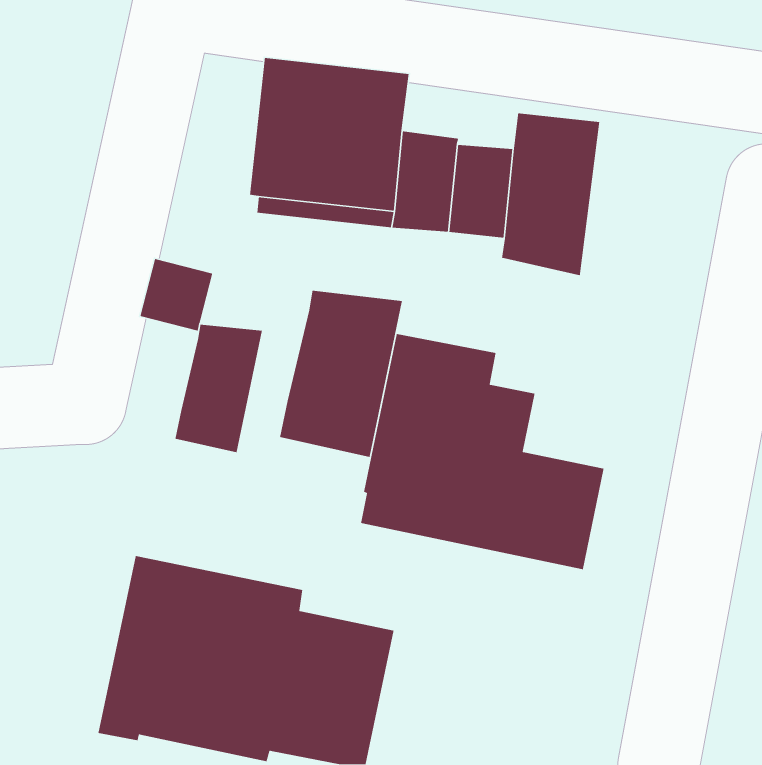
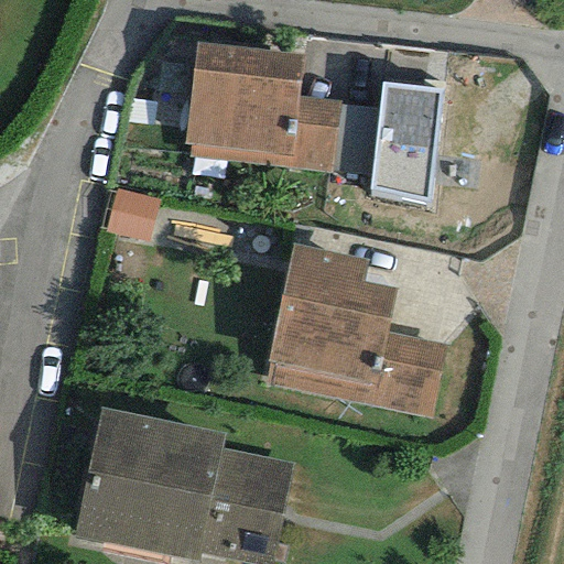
building: [279,290,403,458] -> none
building: [175,324,263,453] -> none

